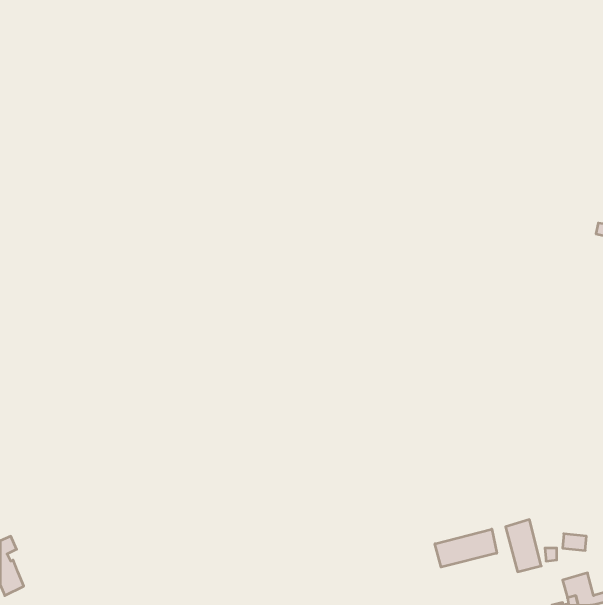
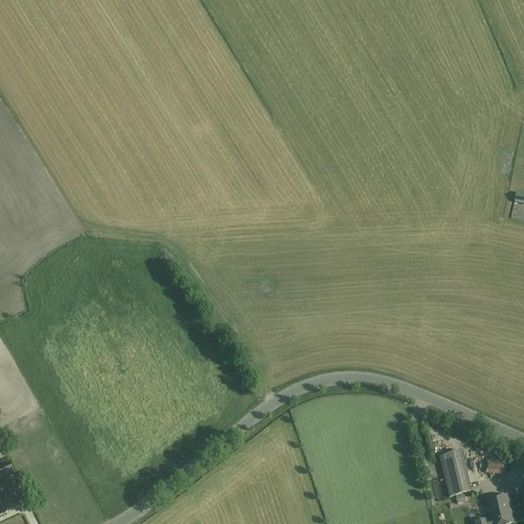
building: [435,529,497,567] -> none

